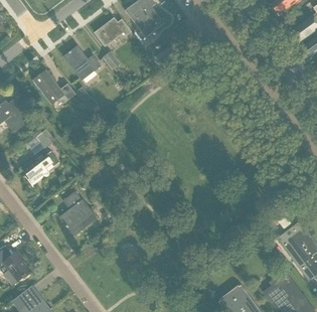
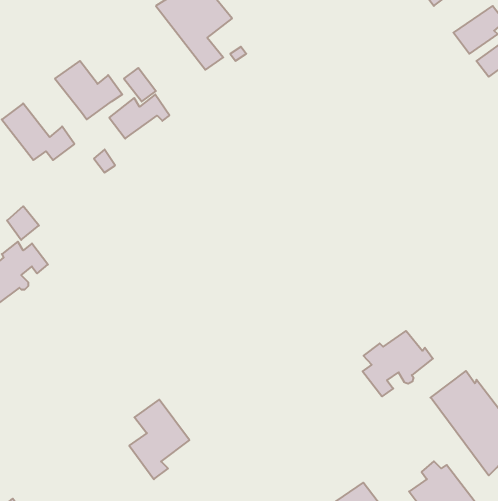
building: [96,19,130,44] -> [109,94,169,139]
building: [59,190,94,236] -> [129,400,189,479]
building: none -> [363,331,433,396]

